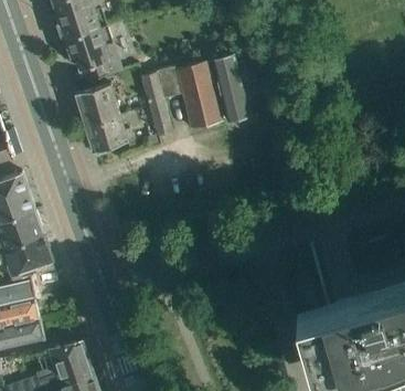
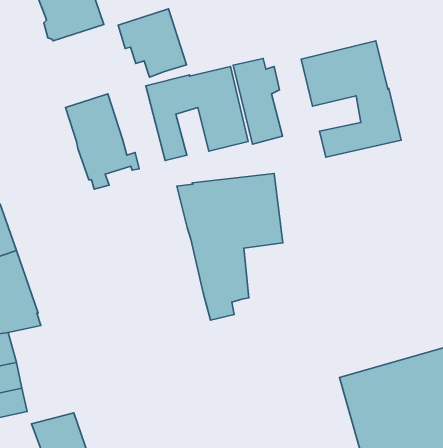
building: [64,27,119,82] -> [118,9,186,77]
building: none -> [301,41,401,157]
building: none -> [177,174,283,320]

